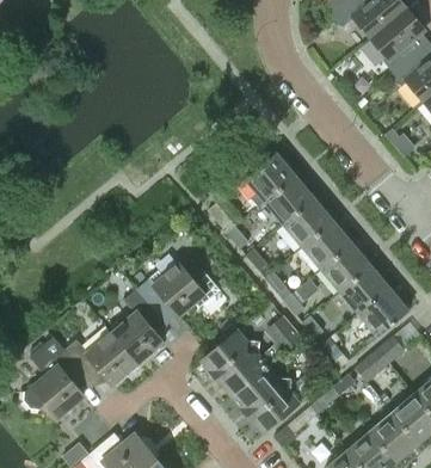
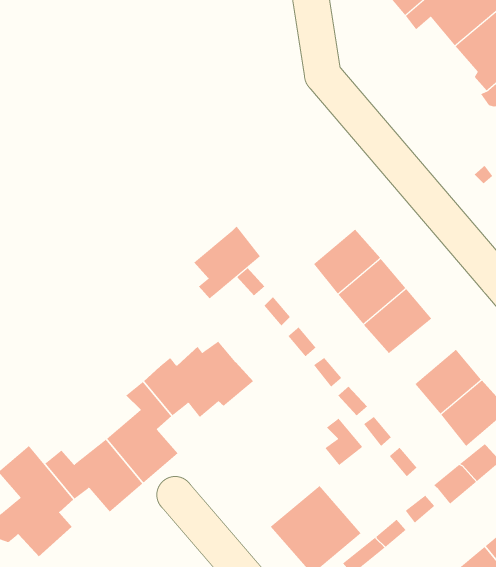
building: [245,153,295,208] -> [193,226,261,299]
building: [320,242,370,291] -> none
building: [202,331,269,398] -> none

